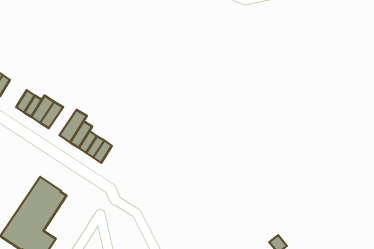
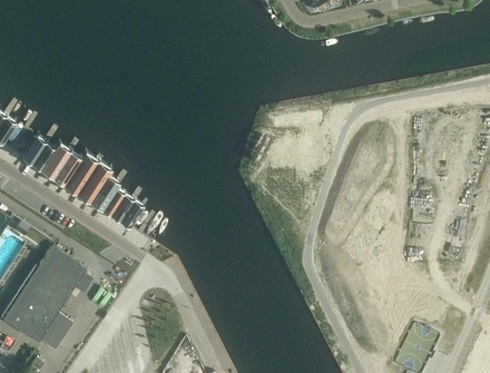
building: none -> [62,151,97,193]

